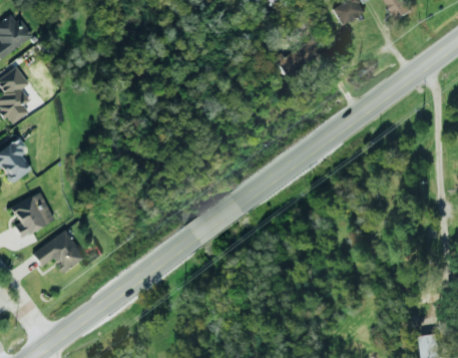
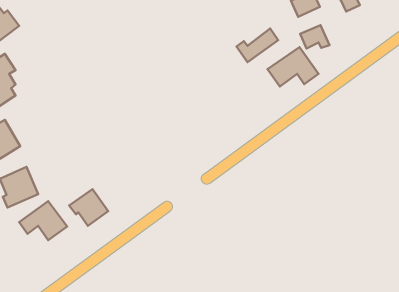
building: none -> [300,25,329,48]
building: none -> [267,47,318,87]
building: none -> [69,189,108,226]

